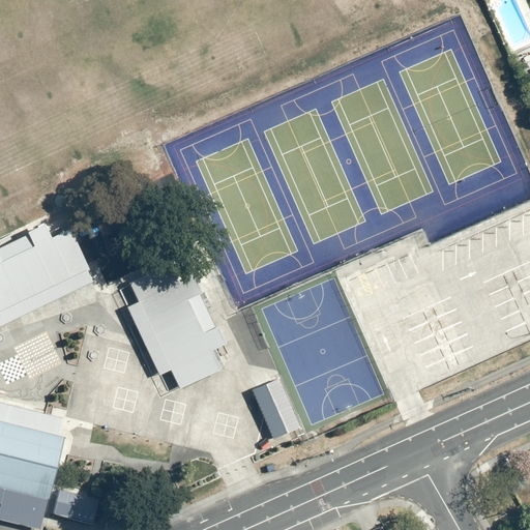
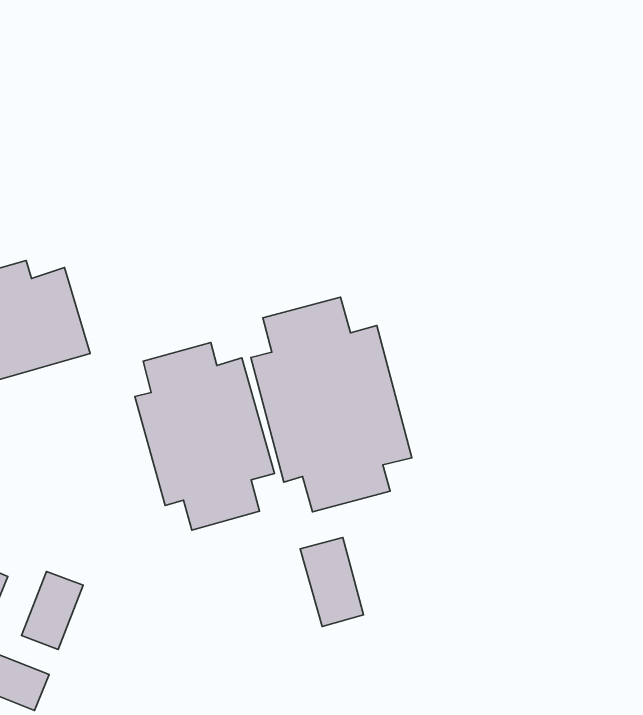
building: none -> [251,297,412,512]
building: none -> [21,571,83,649]

